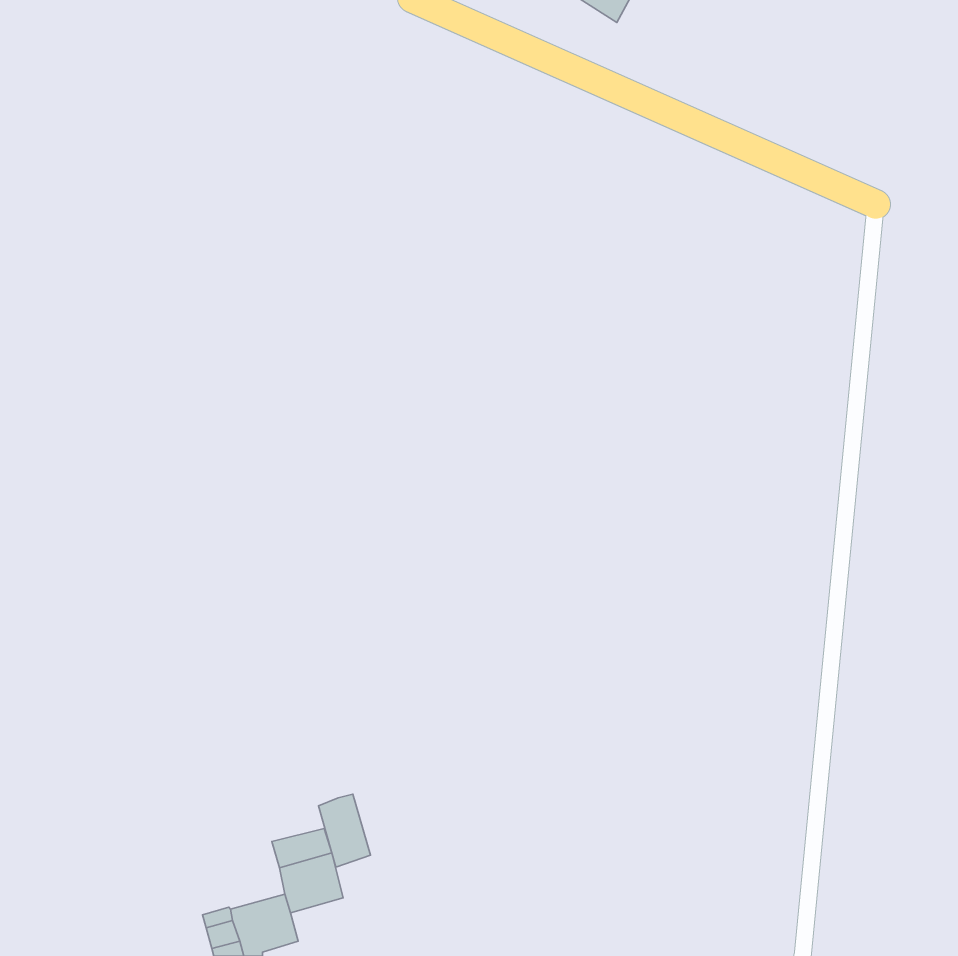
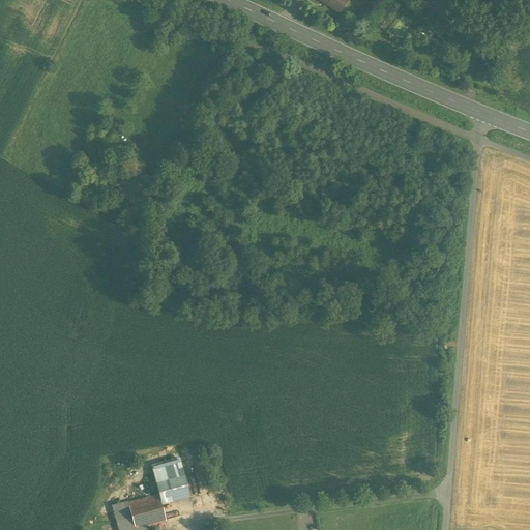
building: [318,794,370,867] -> none

